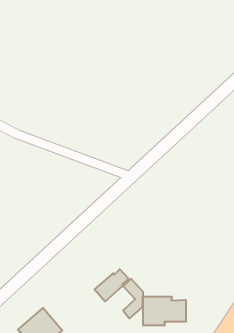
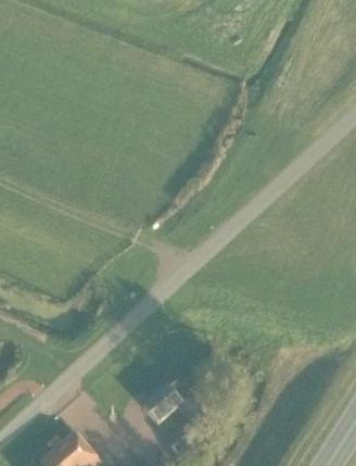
building: [143,297,186,326] -> none

